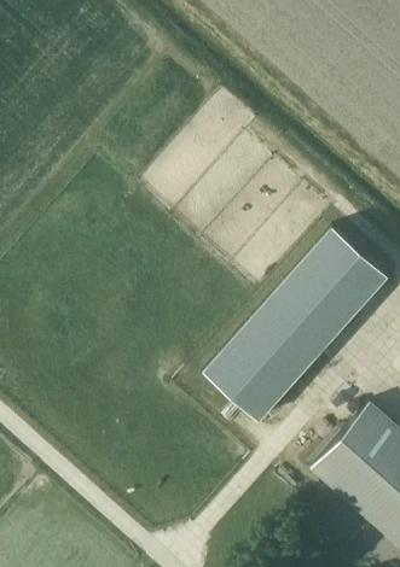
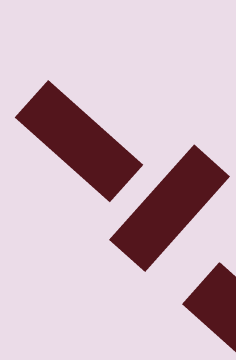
building: none -> [14,79,144,203]

